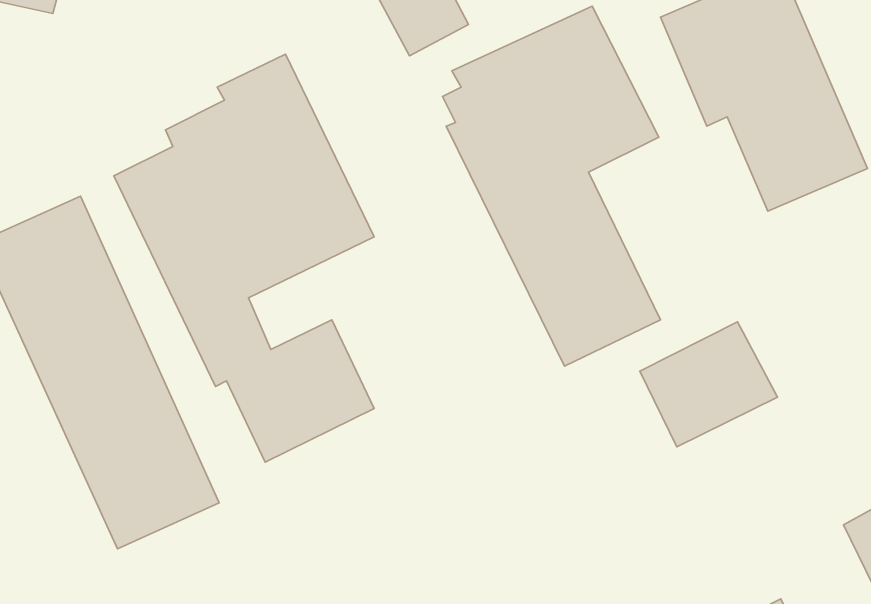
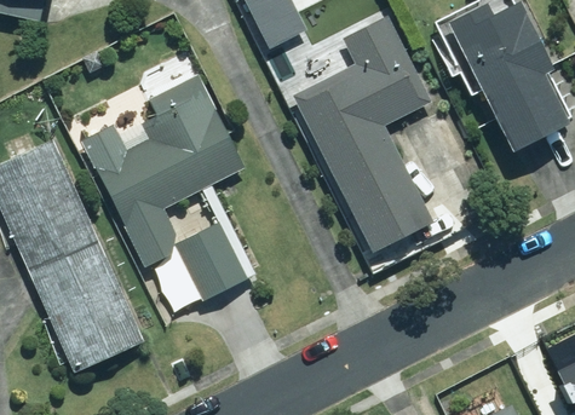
building: [640,322,778,447] -> none

